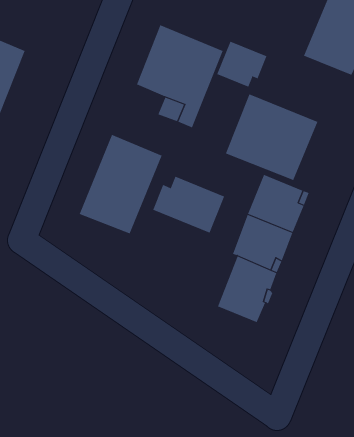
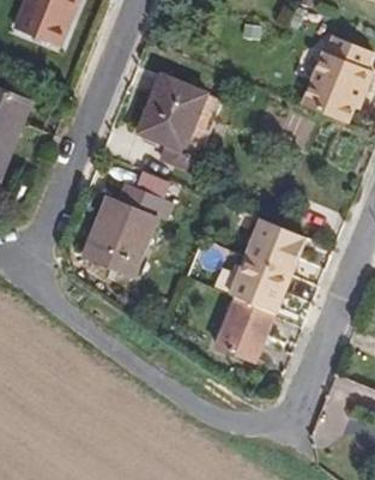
building: [216,41,267,88] -> none
building: [225,94,318,181] -> none
building: [152,176,225,234] -> none

